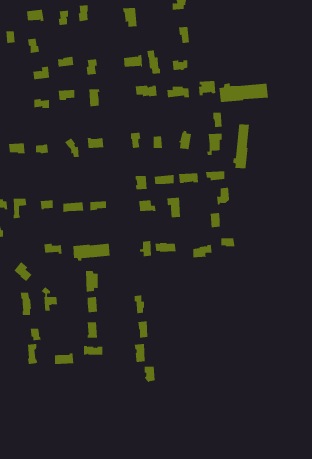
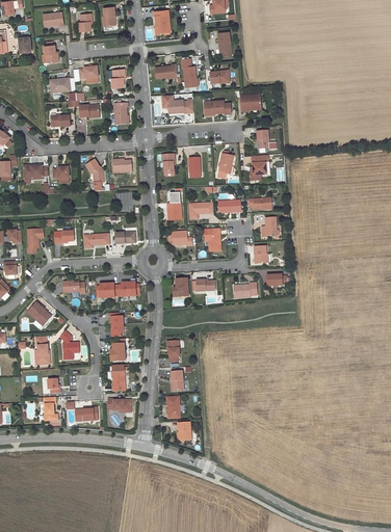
building: [219,82,268,103] -> none
building: [233,124,250,169] -> none

